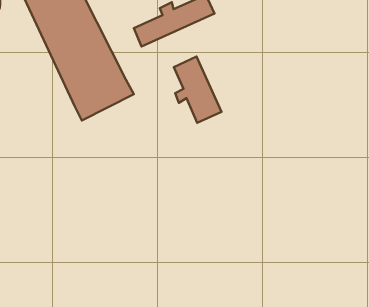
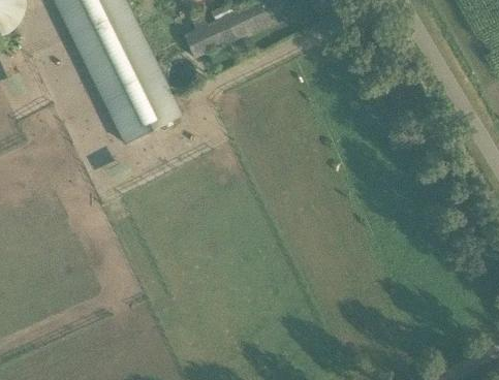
building: [174,56,221,123] -> none

